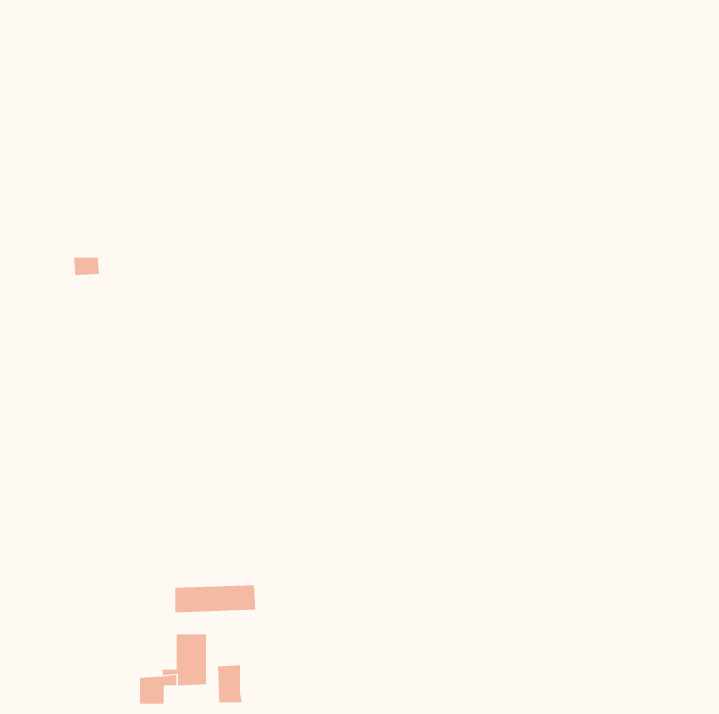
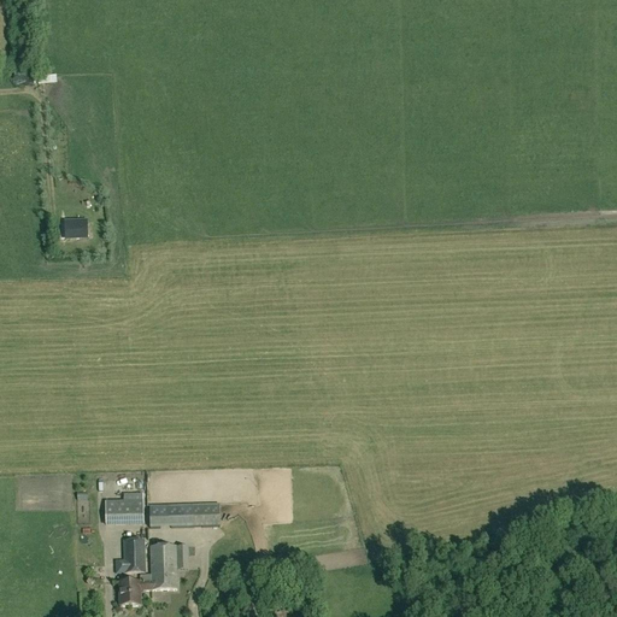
building: none -> [105,498,142,525]
building: [217,665,242,703] -> [124,539,146,571]

